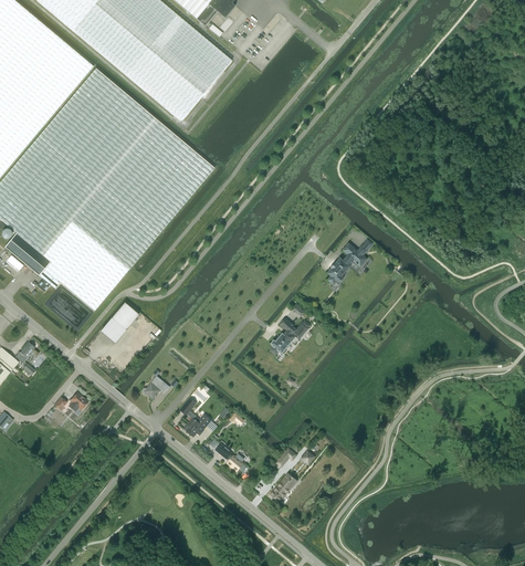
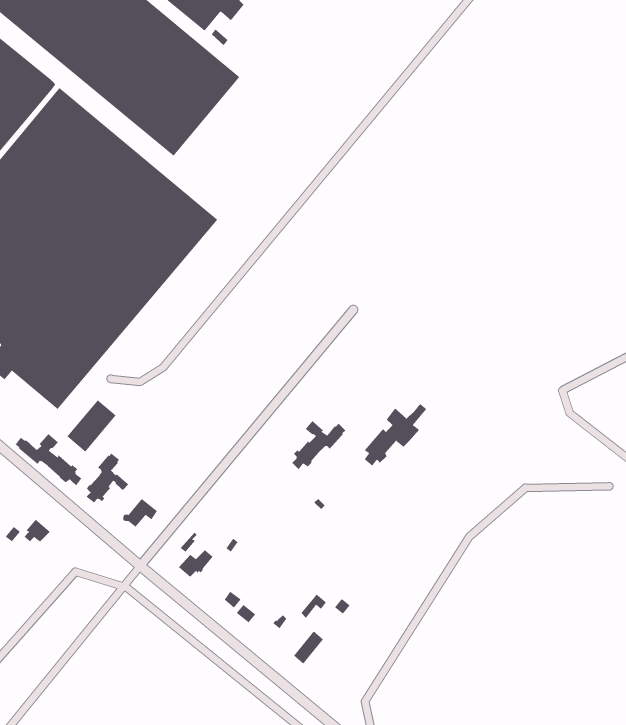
building: [325,239,372,286] -> [364,403,427,467]
building: none -> [15,433,82,486]
building: none -> [85,453,129,504]

